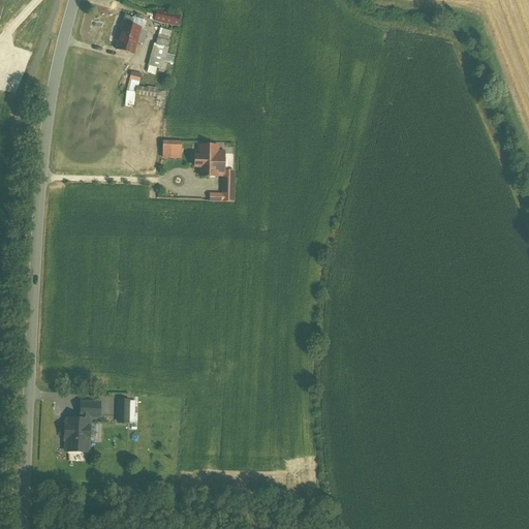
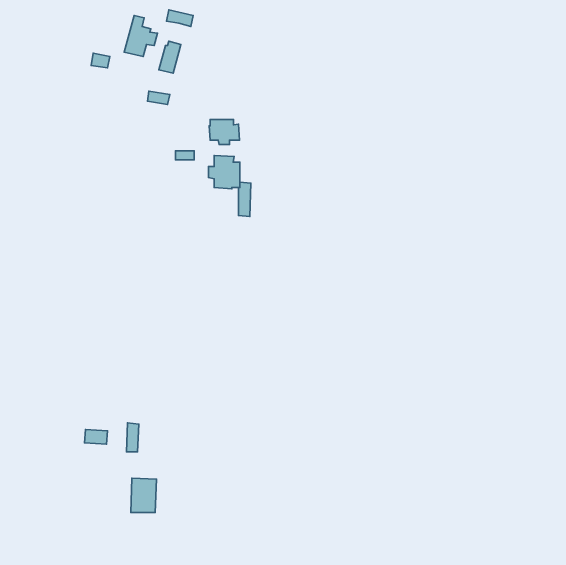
building: none -> [209,120,240,145]
building: [66,418,90,450] -> [131,478,156,513]

